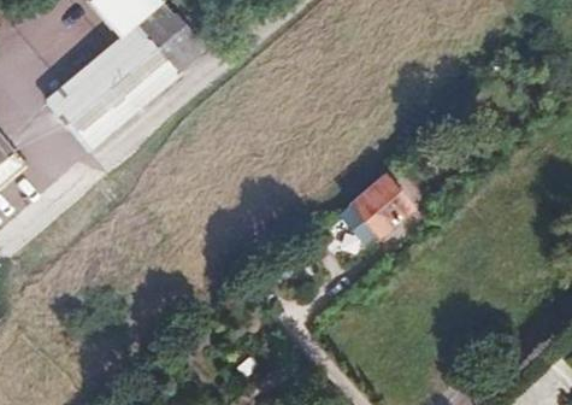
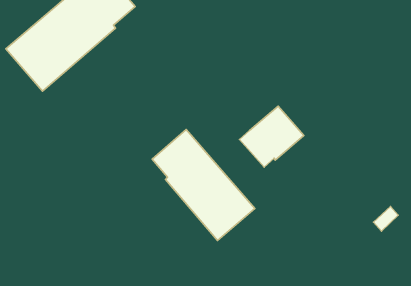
building: none -> [152,129,255,240]

